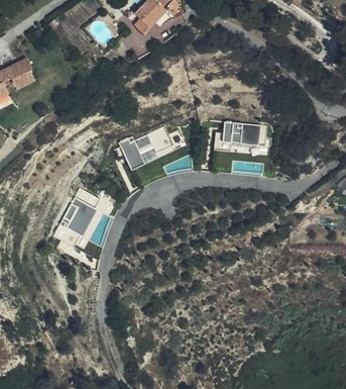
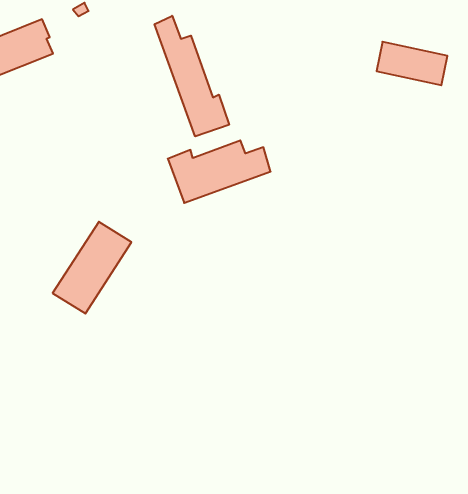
building: none -> [155,16,229,136]
building: [222,121,266,145] -> [377,42,447,85]

